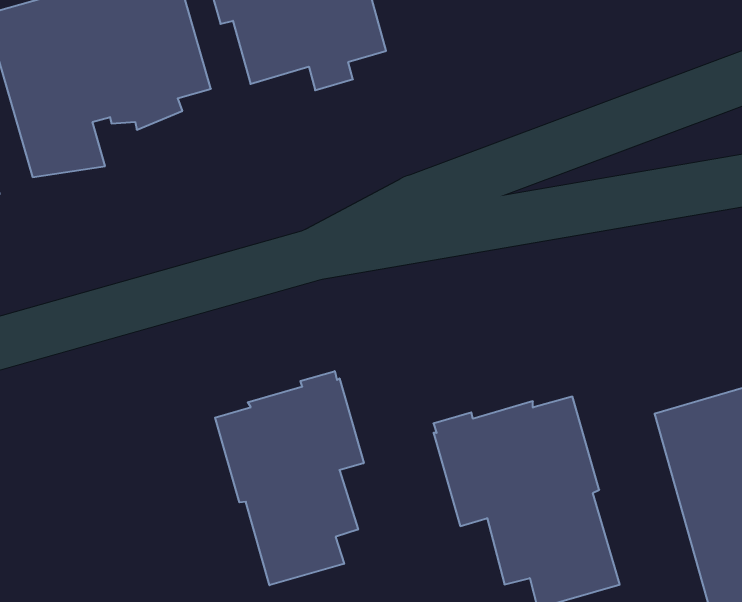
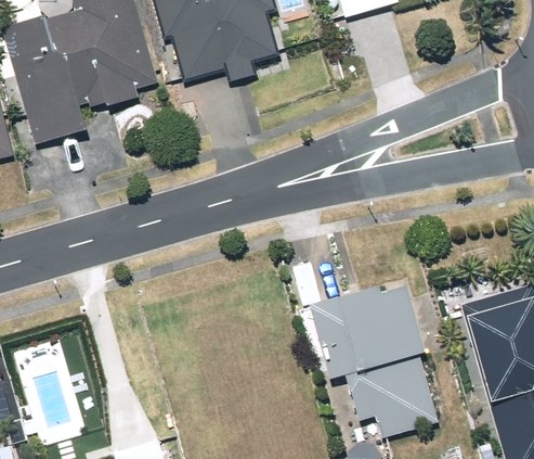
building: [215,371,364,585] -> none

